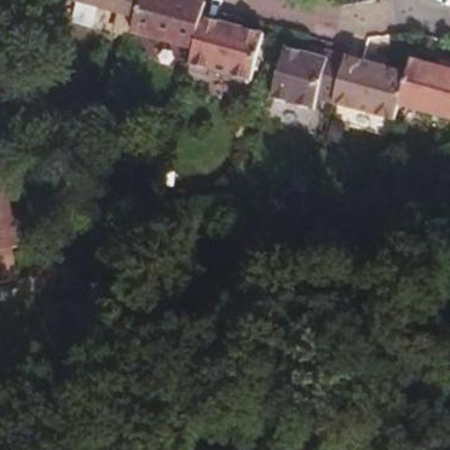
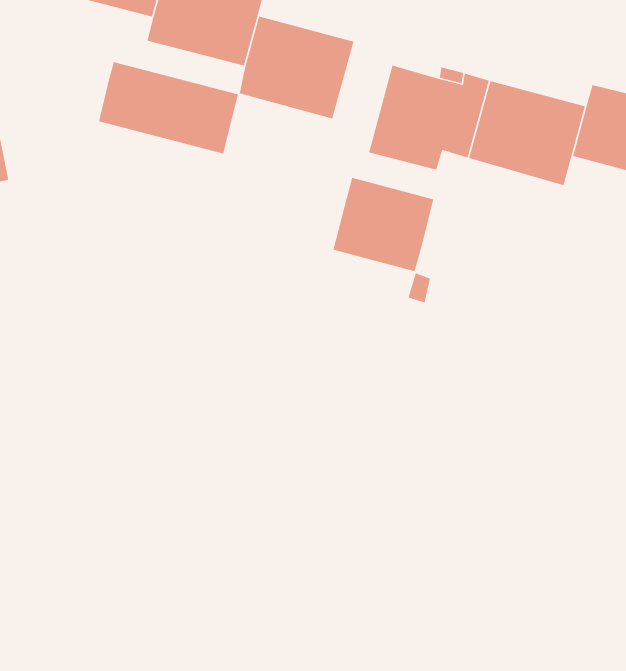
building: none -> [98,61,239,155]
building: none -> [333,177,434,272]

